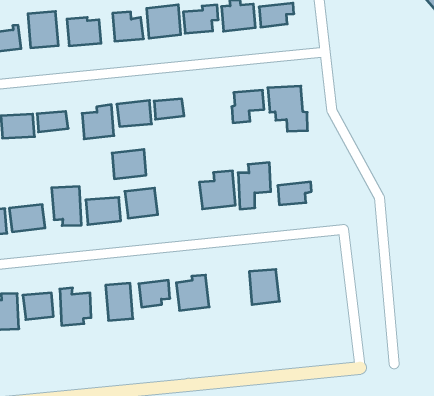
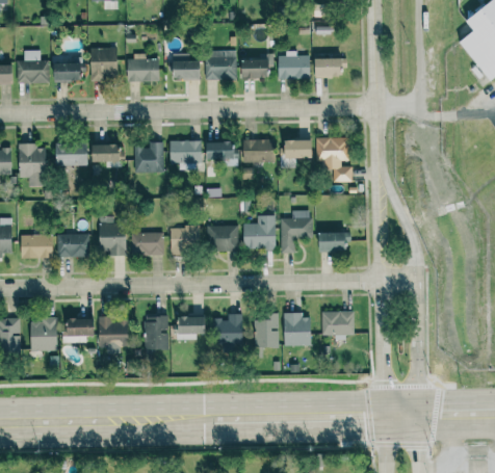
building: none -> [243,138,275,161]
building: [112,149,146,179] -> [208,225,239,251]
building: none -> [322,311,356,340]
building: none -> [255,313,280,347]

